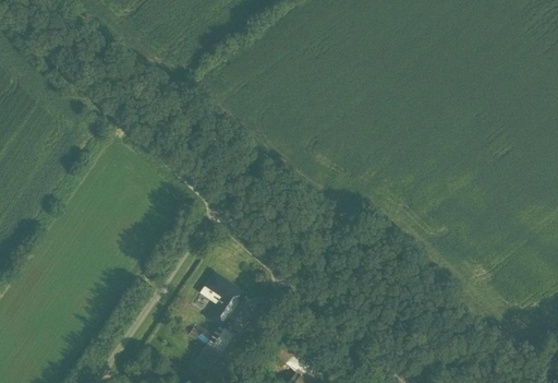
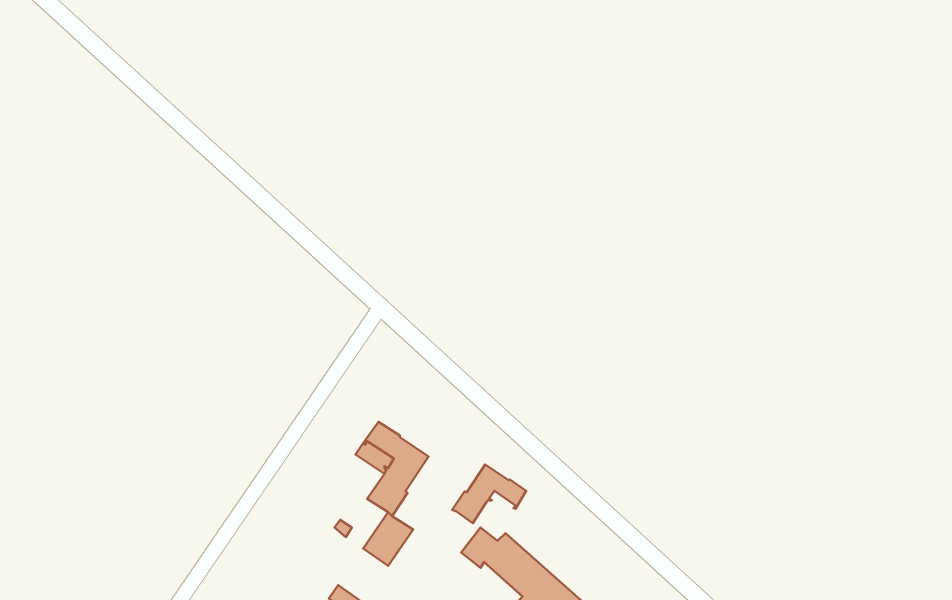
building: none -> [452,465,526,523]

